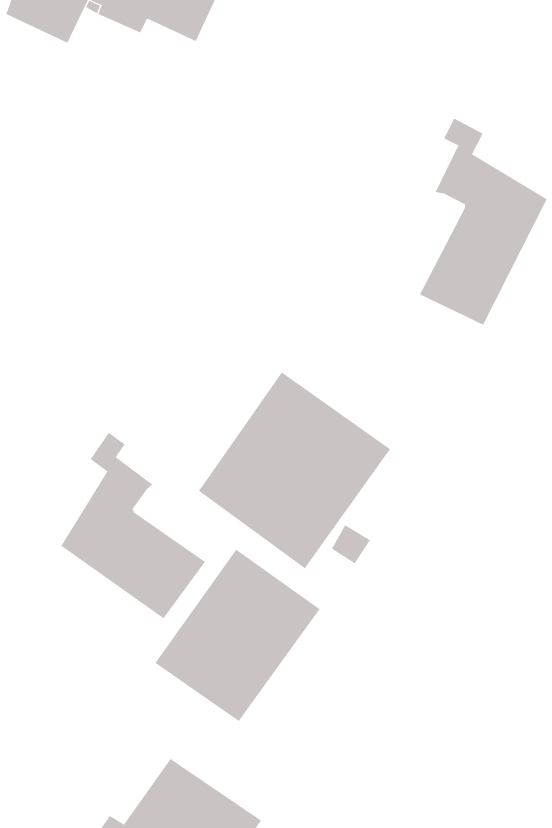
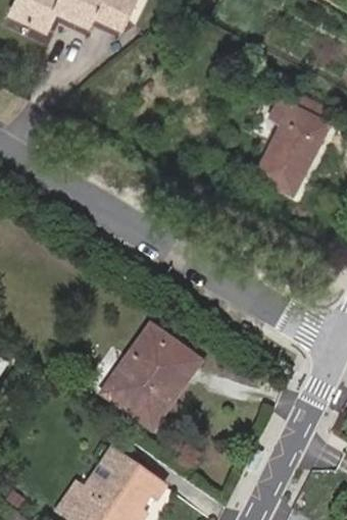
building: [198,371,391,569] -> none
building: [61,432,206,619] -> none

